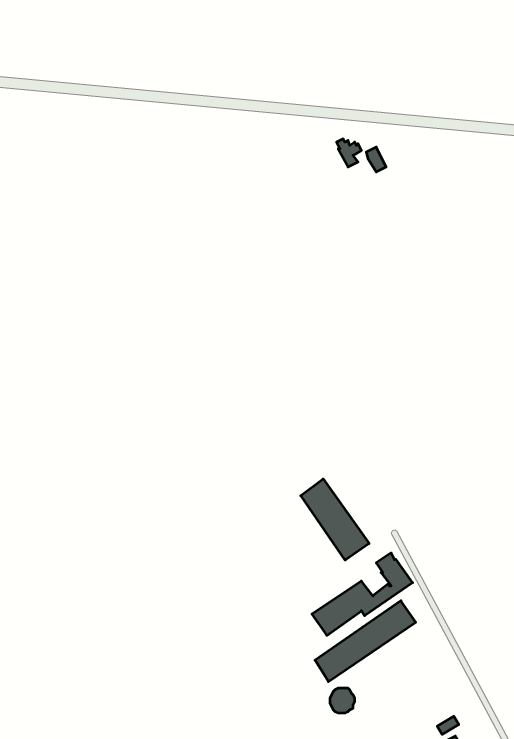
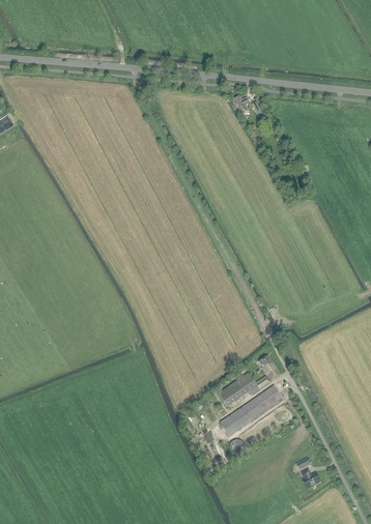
building: [301,479,369,560] -> none

